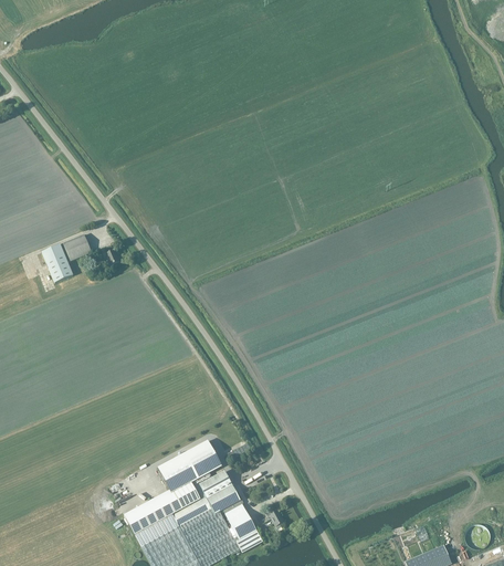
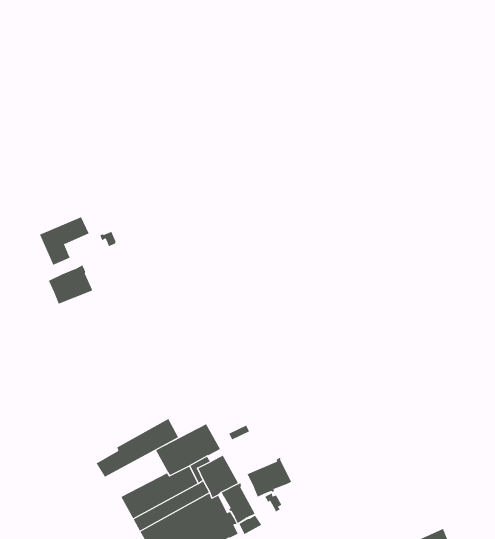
building: none -> [48,265,93,305]
building: none -> [96,418,179,478]
building: none -> [247,457,292,498]

